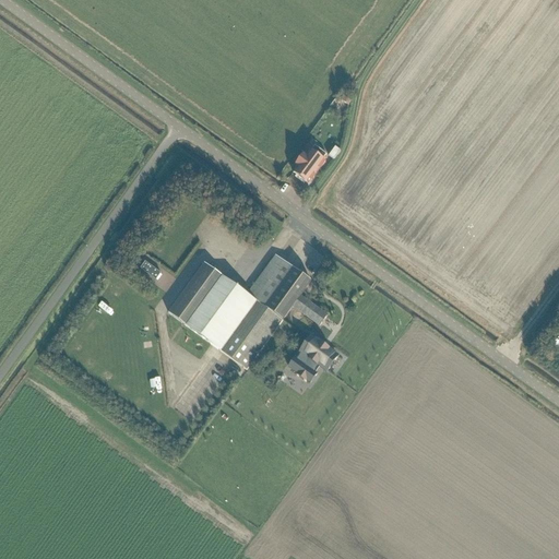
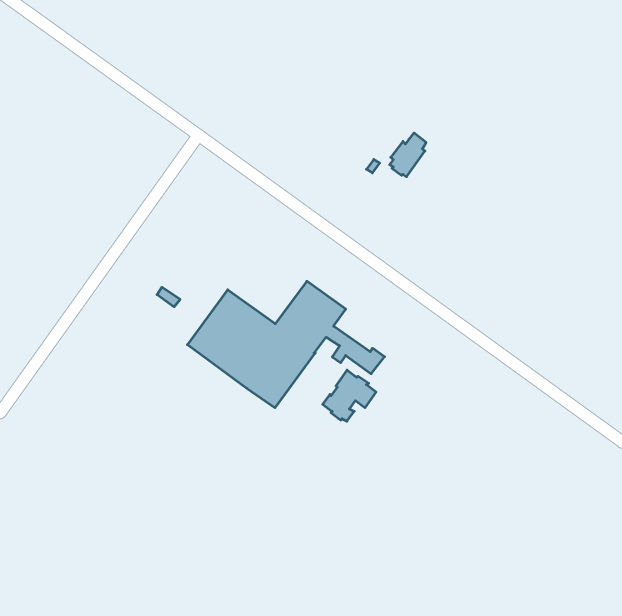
building: [293,141,325,180] -> [390,133,426,177]

